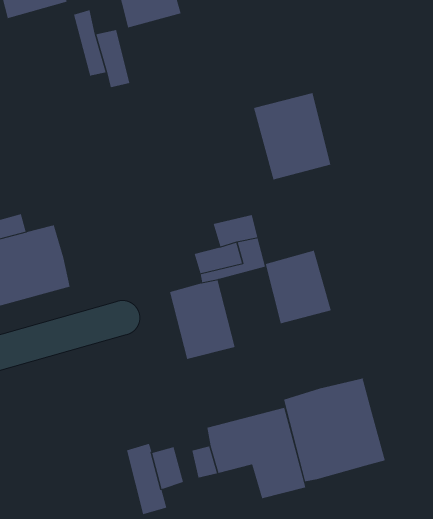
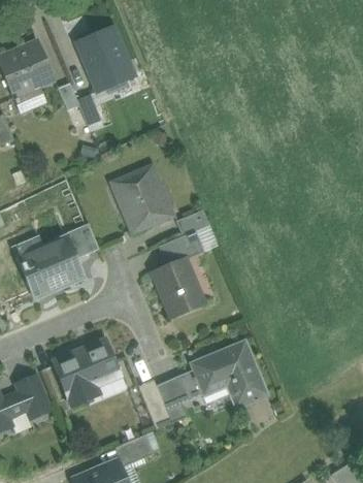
building: [253,93,331,180] -> [112,166,172,231]
building: none -> [64,223,99,258]
building: [265,250,332,324] -> none
building: none -> [53,339,122,407]
building: [283,378,385,482] -> none

